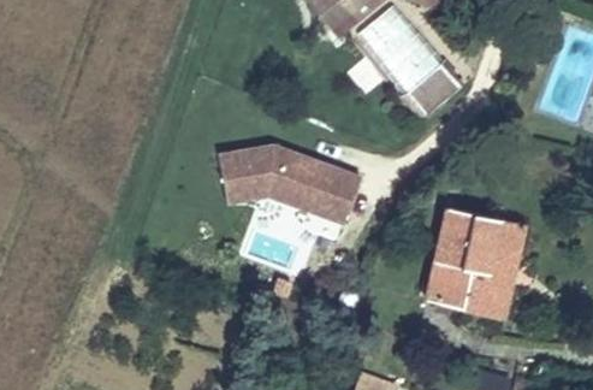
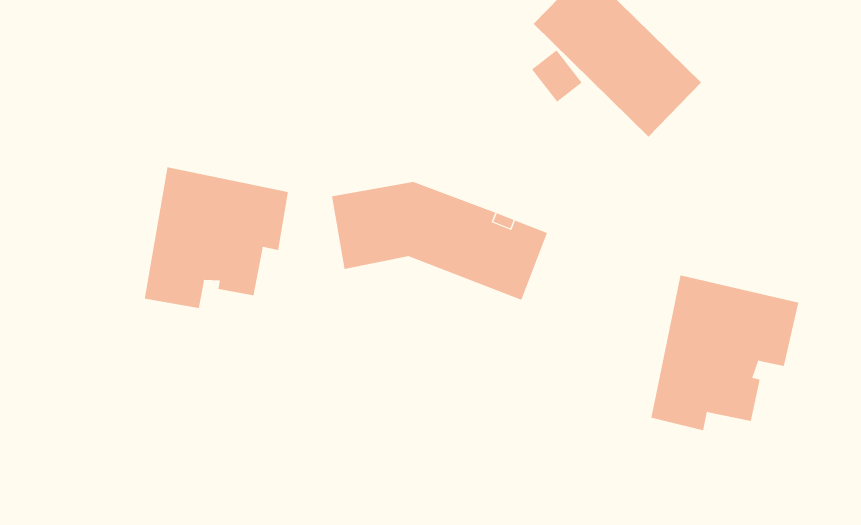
building: none -> [144,167,288,309]
building: [463,265,516,318] -> none

